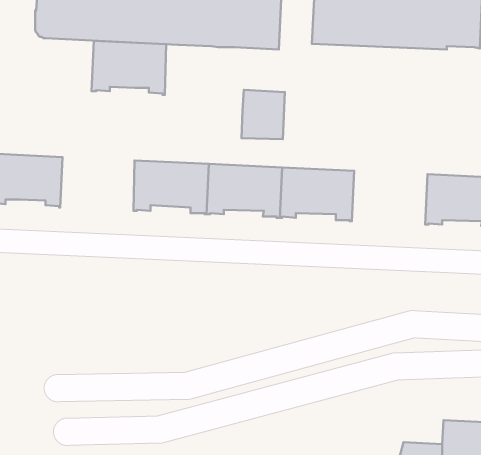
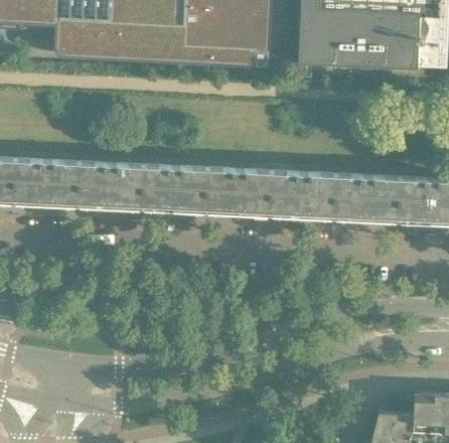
building: [92,41,166,95] -> [77,165,142,212]
building: [242,90,285,139] -> none
building: none -> [333,177,400,225]

